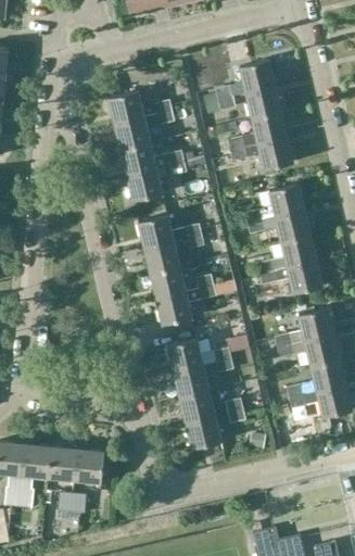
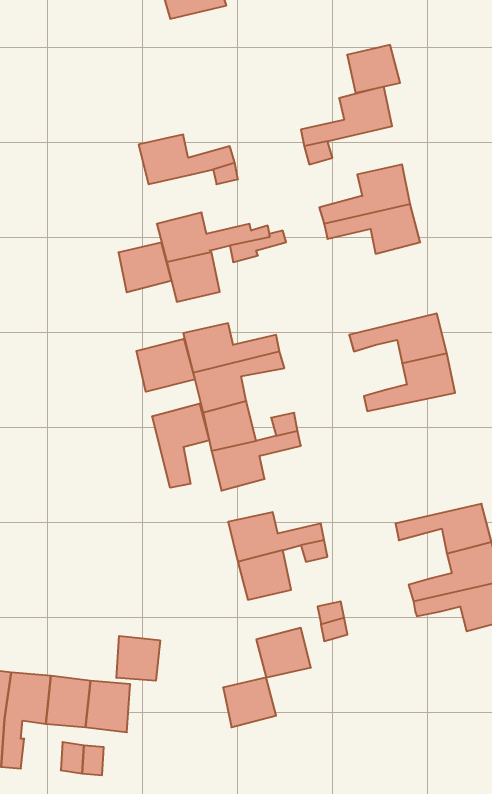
building: [246,86,281,117] -> [347,45,400,93]
building: [115,117,150,150] -> [118,243,171,292]
building: [244,184,304,223] -> none
building: none -> [136,339,195,392]
building: [258,261,322,293] -> none
building: none -> [152,404,209,488]
building: [274,307,333,346] -> none
building: [180,390,215,422] -> [223,678,276,727]
building: none -> [116,636,160,681]

